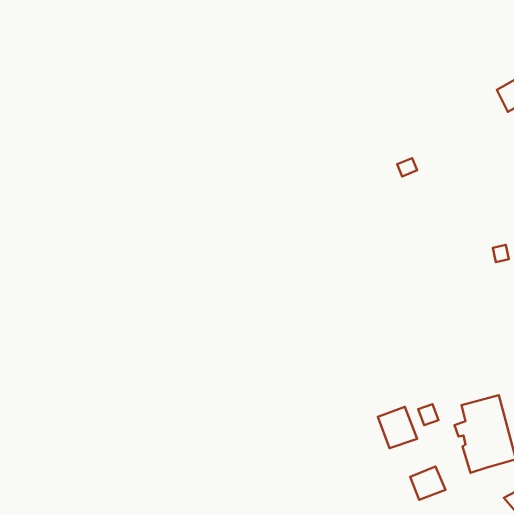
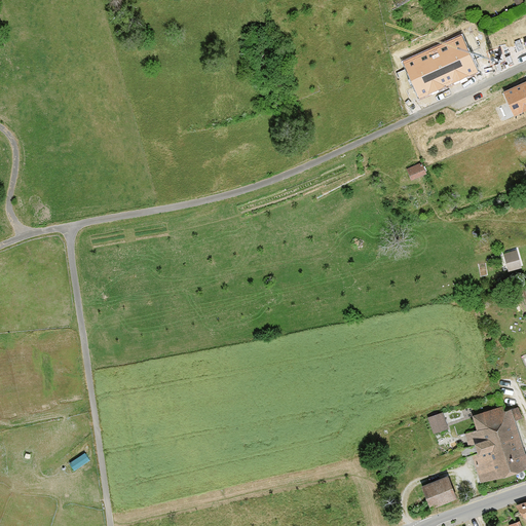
building: none -> [404,36,480,99]
building: [378,407,417,448] -> none

